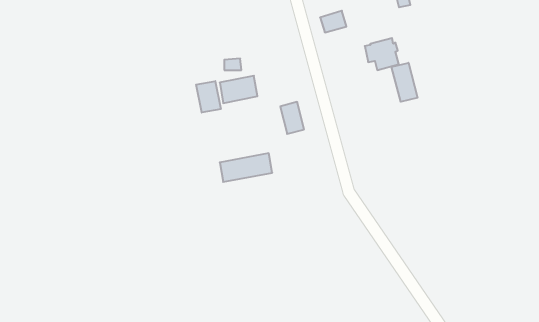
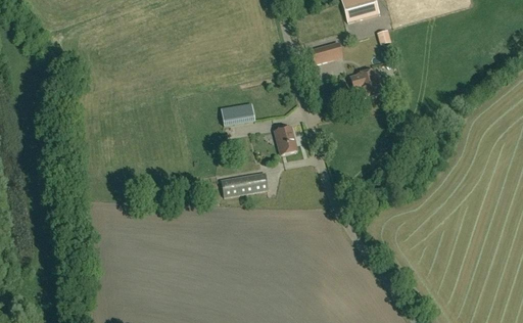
building: [392,63,418,102] -> none
building: [196,81,221,113] -> none

